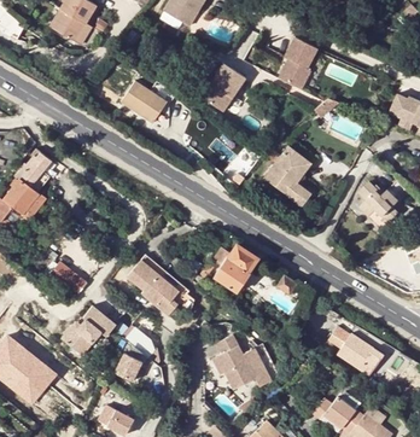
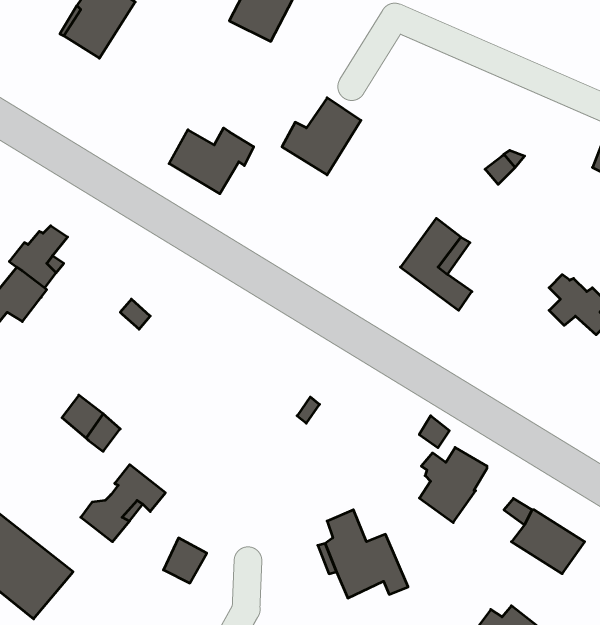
building: [275,40,313,91] -> none
building: [214,243,257,291] -> [419,447,487,523]
building: [126,251,189,303] -> none

